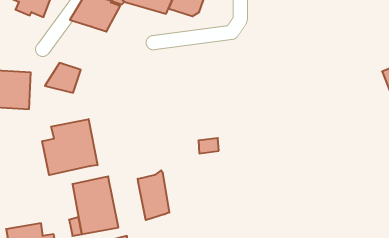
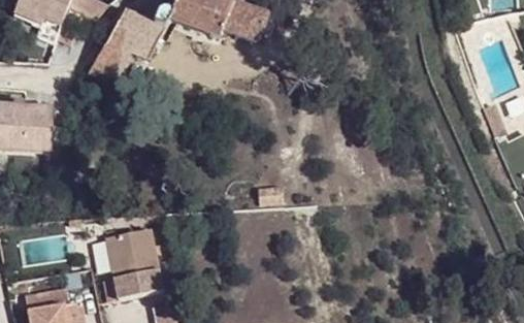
building: [45,63,81,93] -> [86,41,129,77]
building: [42,119,97,175] -> none
building: [138,170,169,220] -> none

